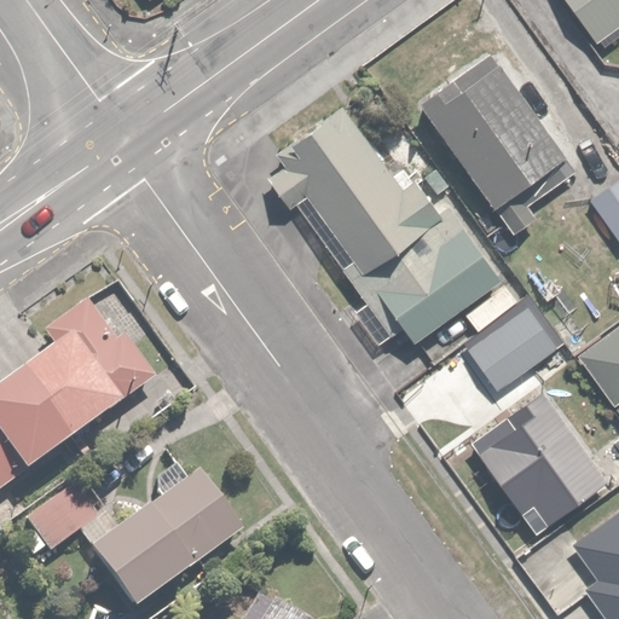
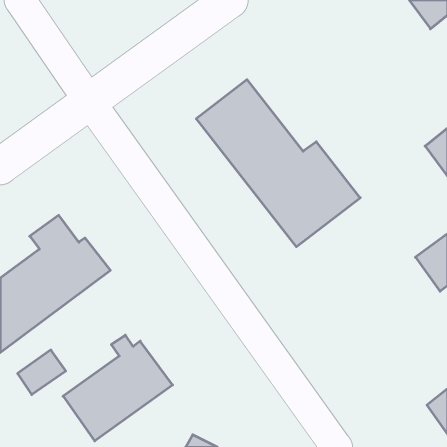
building: [417,46,592,228] -> none
building: [468,307,553,384] -> none
building: [469,389,607,531] -> none

